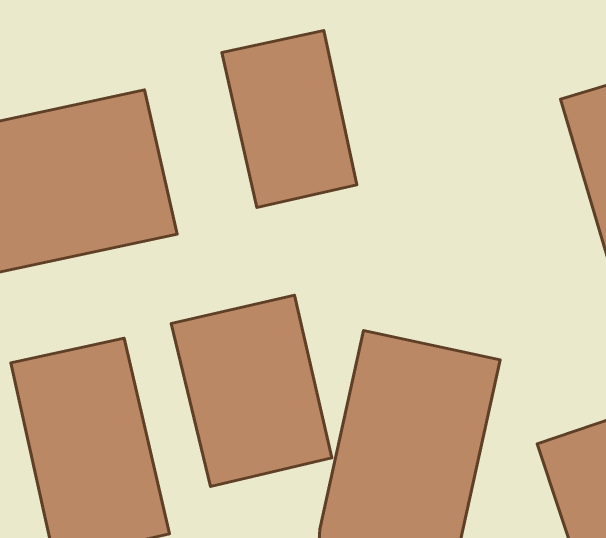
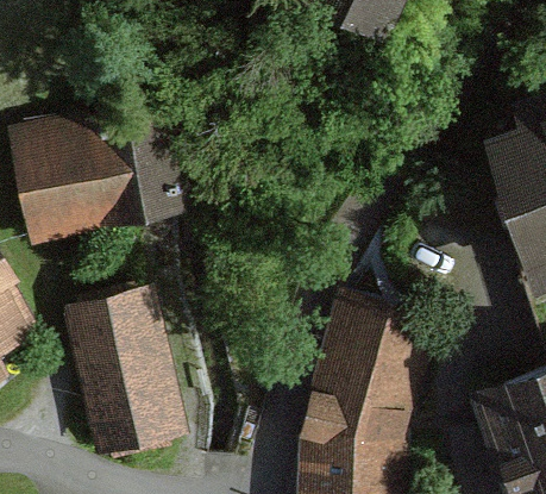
building: [222,31,357,207] -> none
building: [171,295,332,487] -> none

